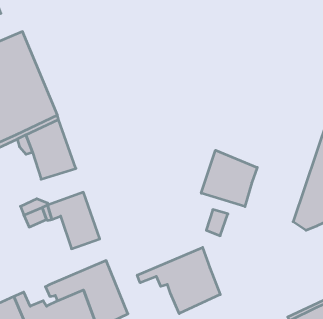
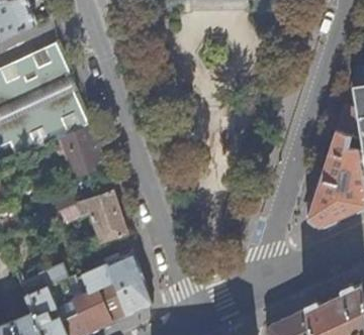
building: [201,150,257,207] -> none
building: [137,247,220,314] -> none

